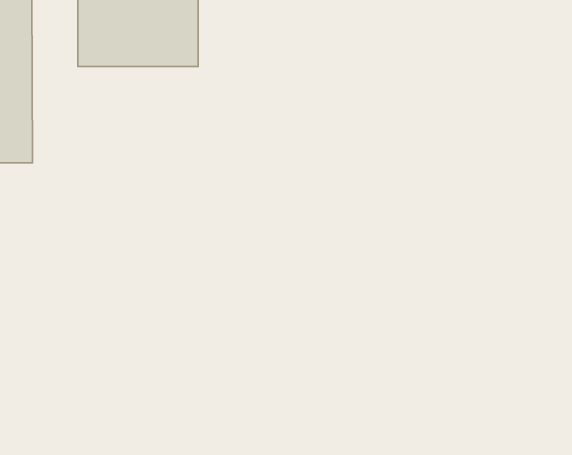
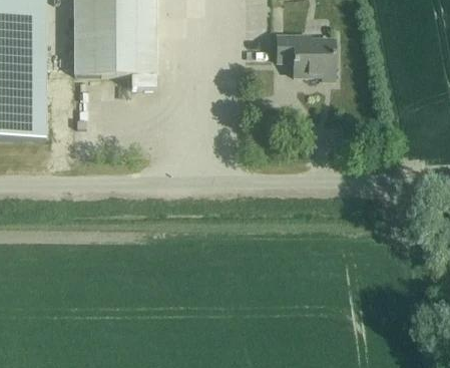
building: none -> [278,33,335,74]

